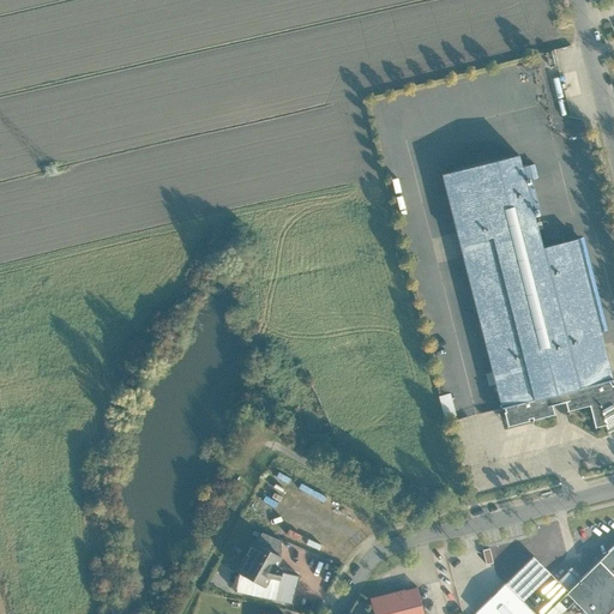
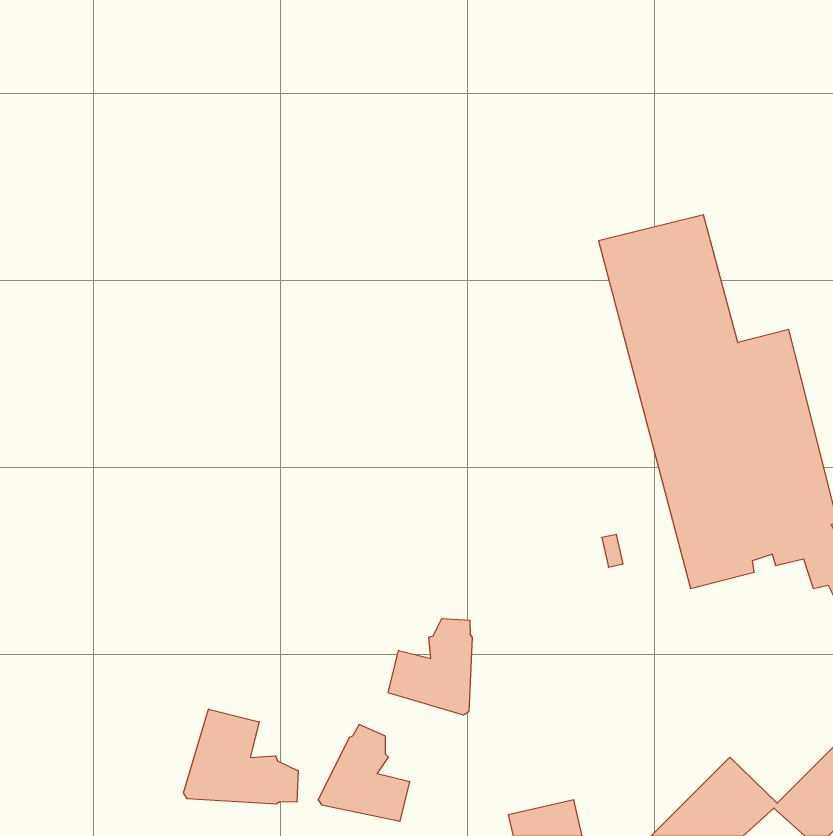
building: none -> [388,619,472,715]
building: none -> [183,709,298,804]

